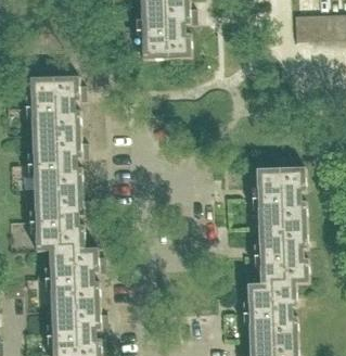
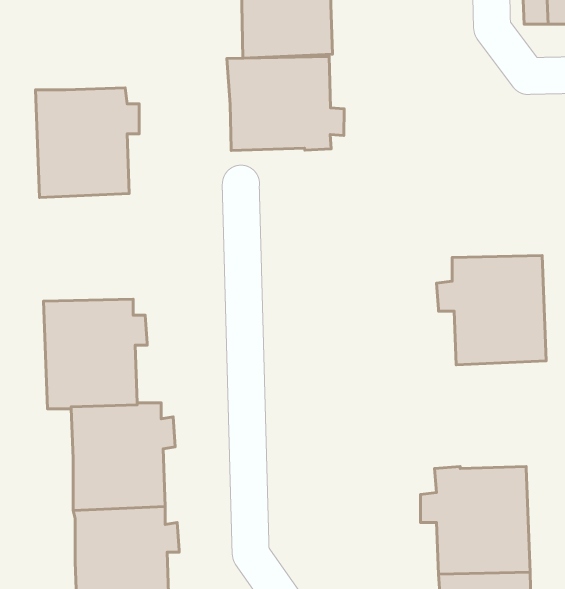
building: none -> [227,57,344,150]
building: [30,135,87,193] -> none
building: [248,226,308,284] -> none

